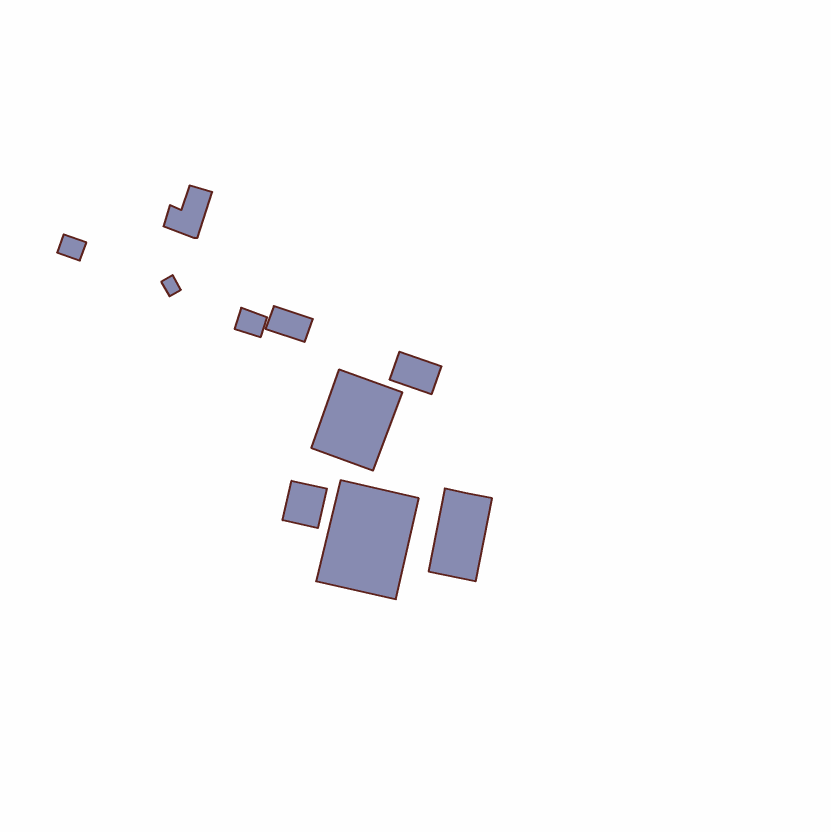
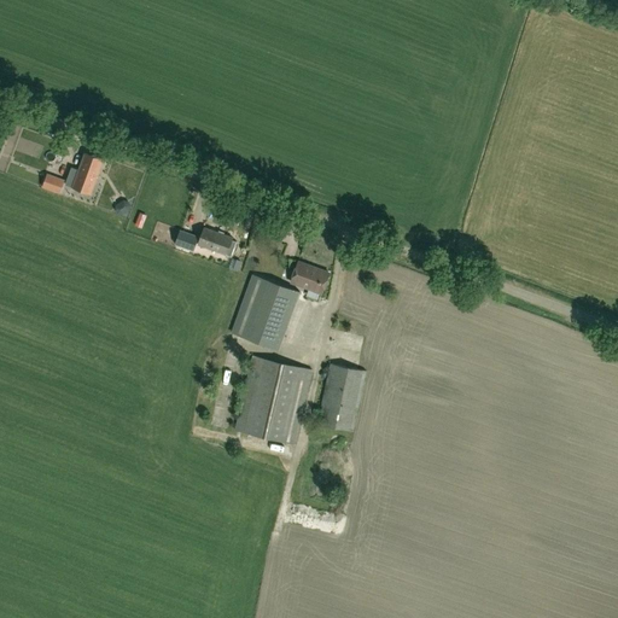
building: [163,186,212,238] -> [66,153,103,192]
building: [283,481,327,528] -> none

